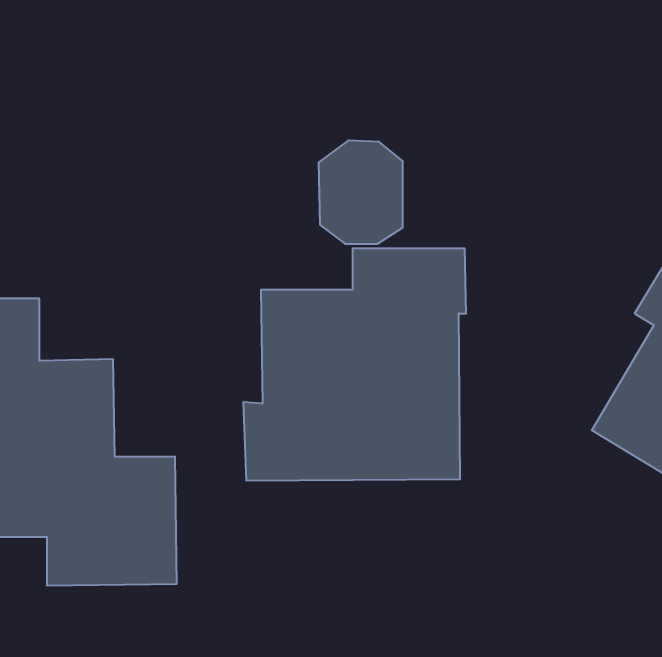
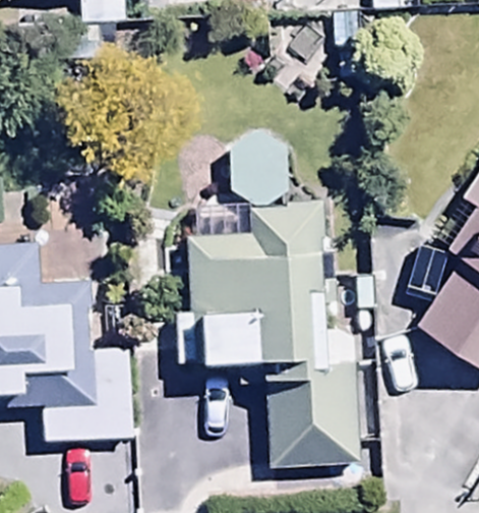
building: none -> [266,376,359,467]

